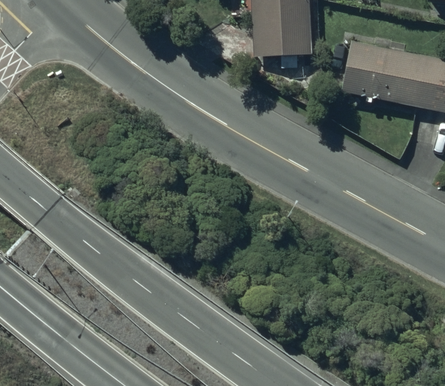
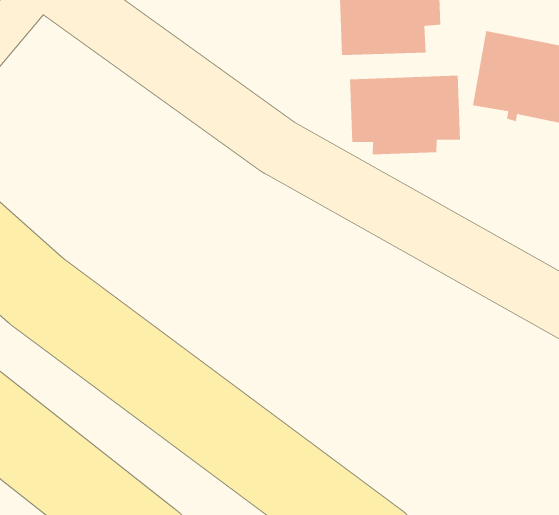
building: none -> [349,75,461,155]

